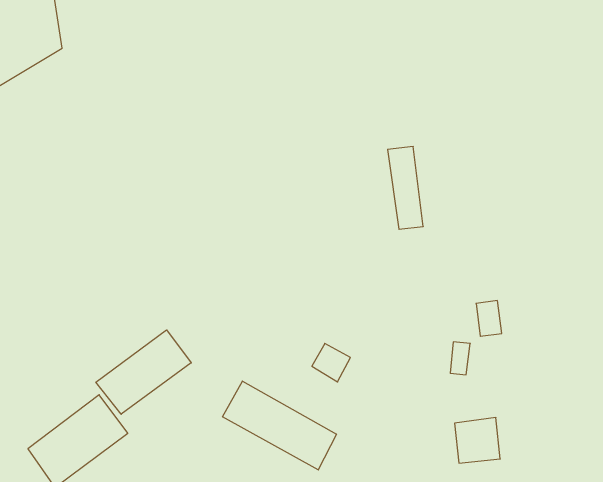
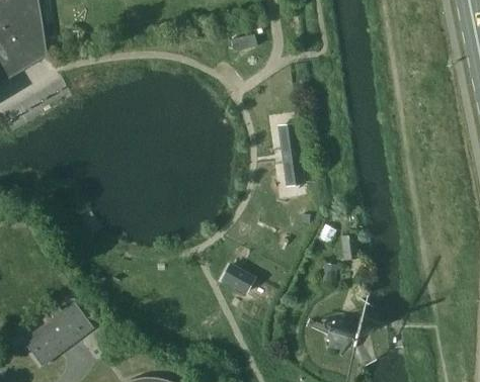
building: [96,330,191,414] -> none
building: [223,381,336,470] -> none

